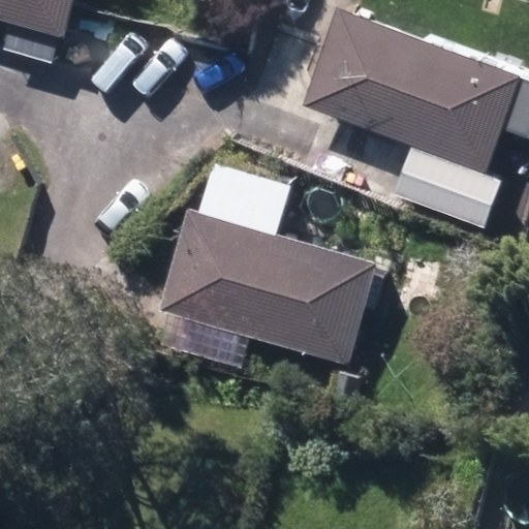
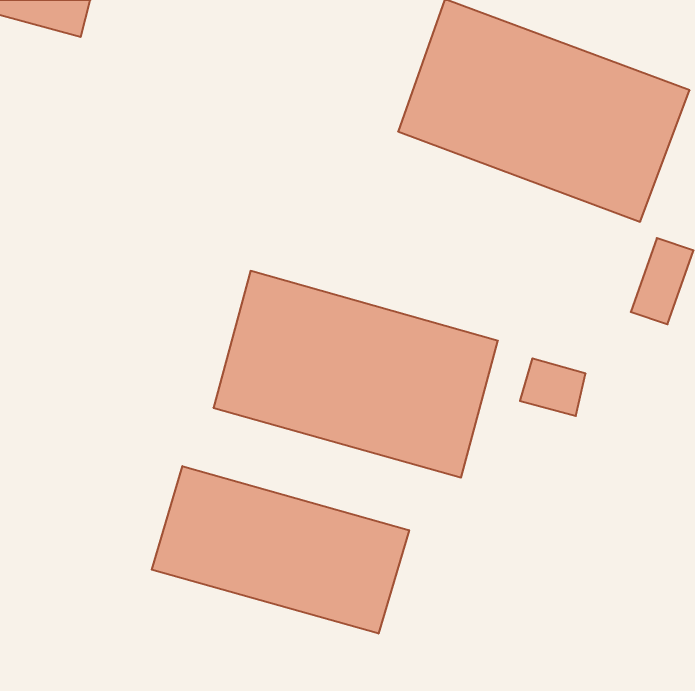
building: none -> [152,466,409,634]

